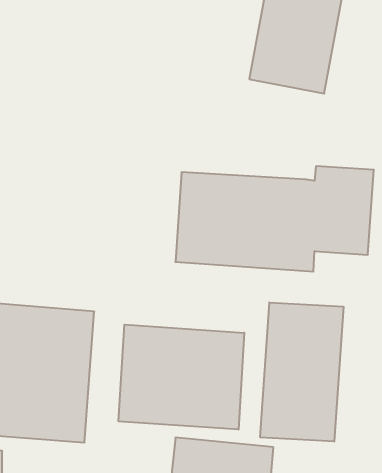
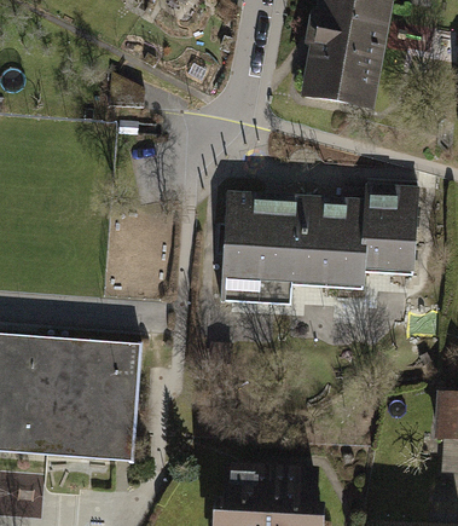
building: [260,302,343,442] -> none
building: [119,325,244,430] -> none

